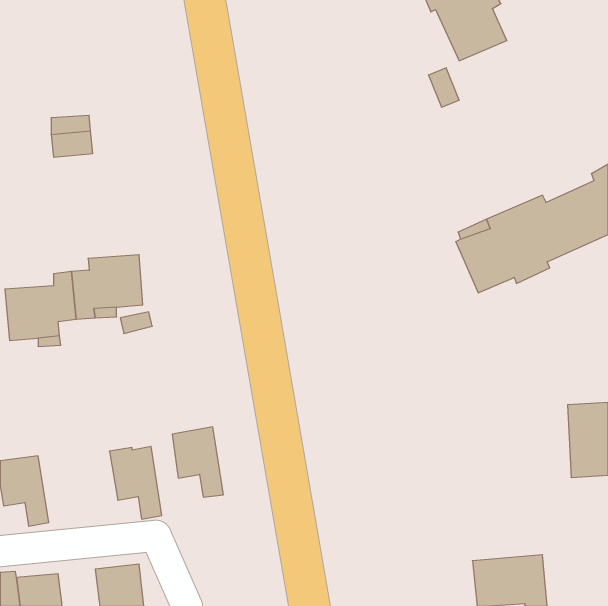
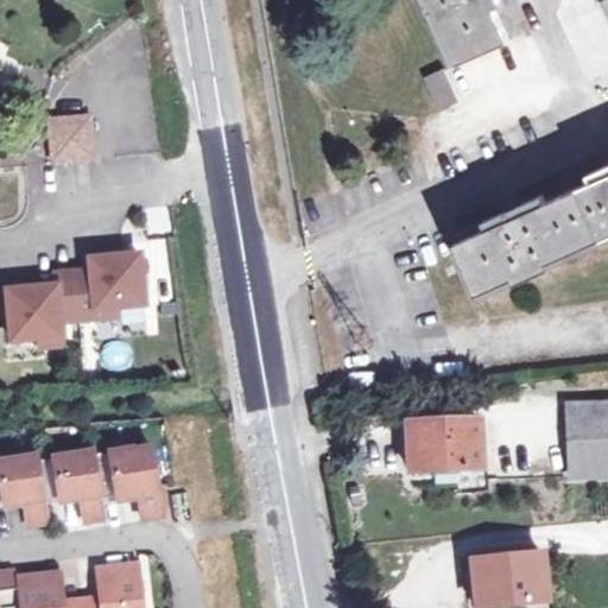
building: none -> [407,418,486,483]
building: [172,427,223,497] -> [53,450,104,520]

